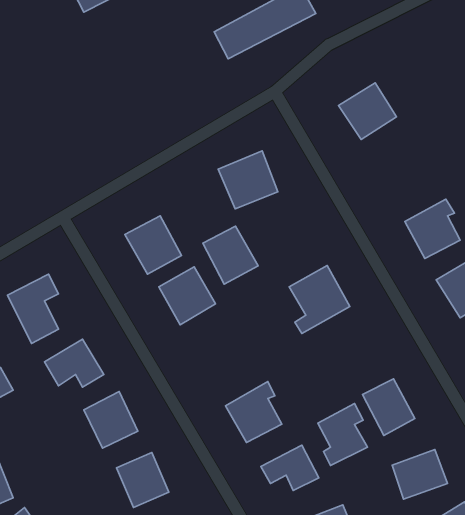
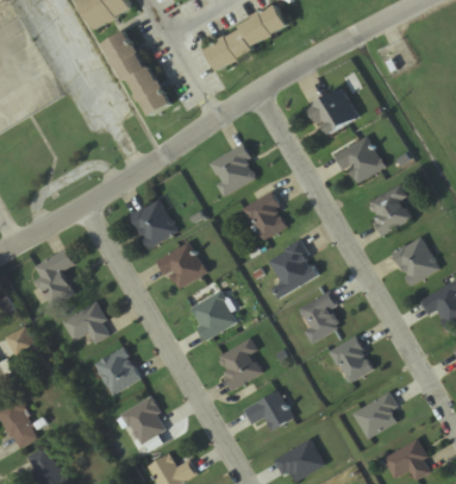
building: none -> [106,27,169,117]
building: none -> [335,136,385,184]
building: [203,226,258,284] -> [243,191,289,240]
building: none -> [189,291,237,339]
building: [318,403,367,466] -> [299,290,341,342]

